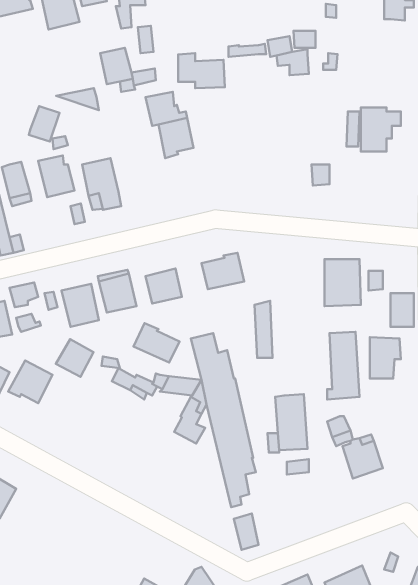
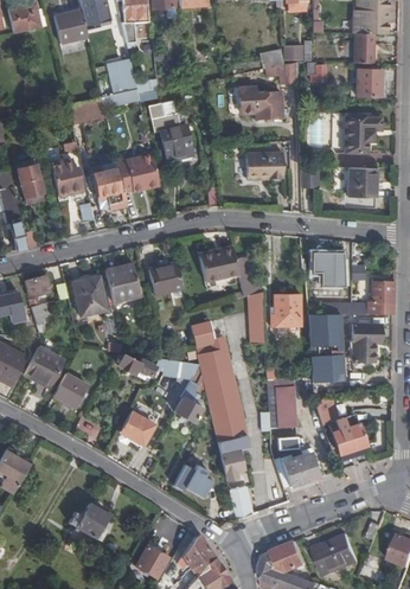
building: none -> [353,33,372,63]
building: [178,53,225,88] -> [239,85,282,117]
building: none -> [358,71,382,98]
building: [29,106,59,142] -> none
building: none -> [244,152,283,179]
building: none -> [116,153,158,191]
building: none -> [350,167,374,197]
building: none -> [270,294,300,325]
building: [134,323,179,362] -> none
building: [56,339,93,377] -> [52,372,87,406]
building: none -> [120,410,154,444]
building: none -> [281,447,318,486]
building: none -> [173,454,213,497]
building: none -> [69,502,108,539]

